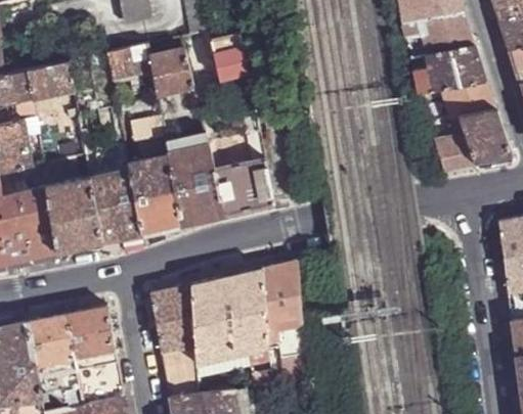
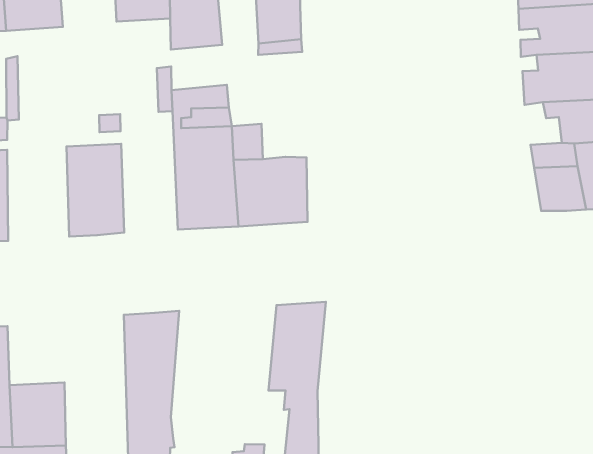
building: [128,155,180,234] -> none
building: [46,178,101,254] -> none
building: [190,270,266,379] -> none
building: [67,308,115,359] -> none

